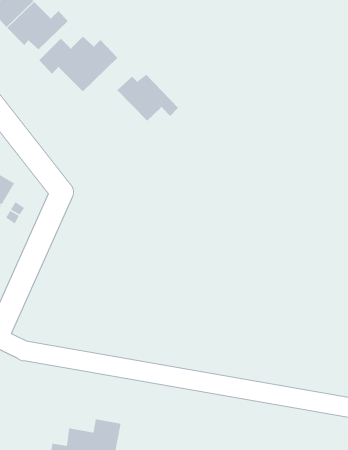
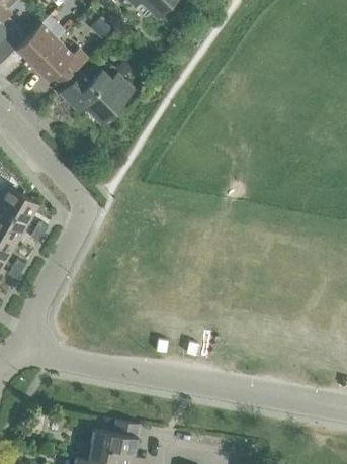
building: [117,74,179,121] -> none

